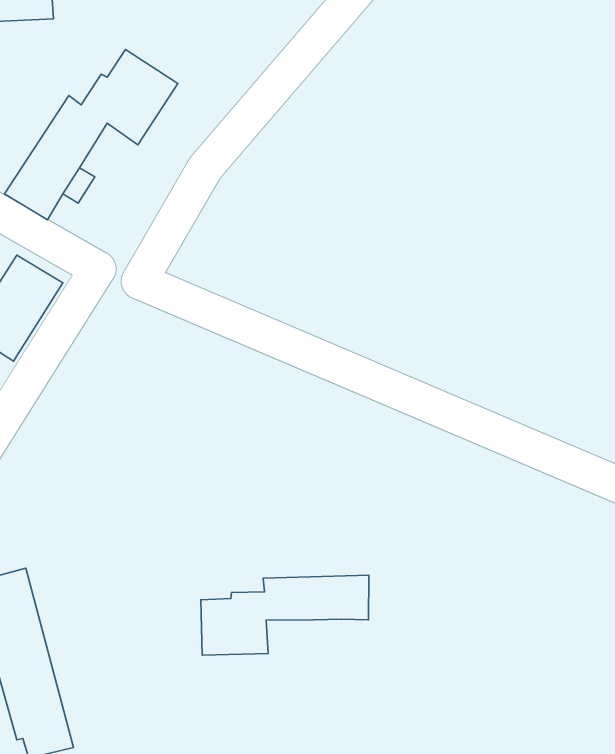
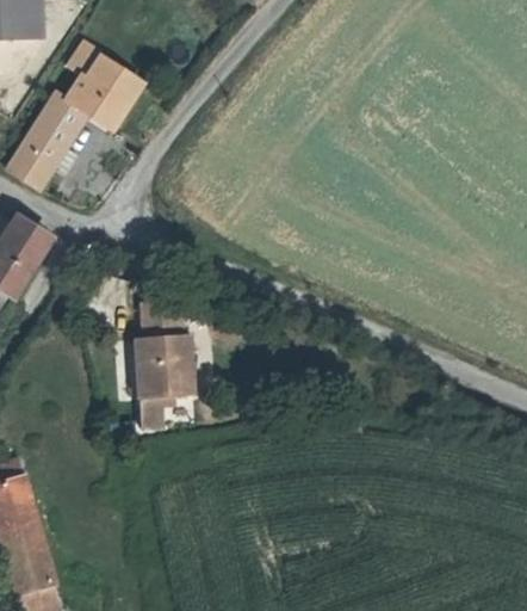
building: none -> [137,303,193,425]
building: [201,575,369,655] -> none

